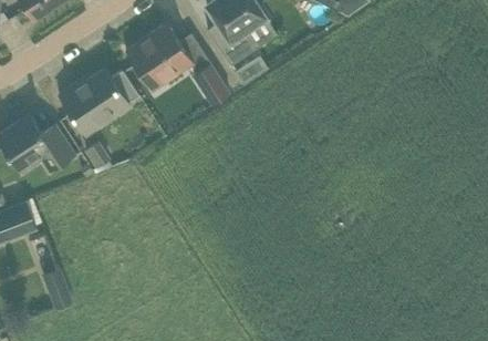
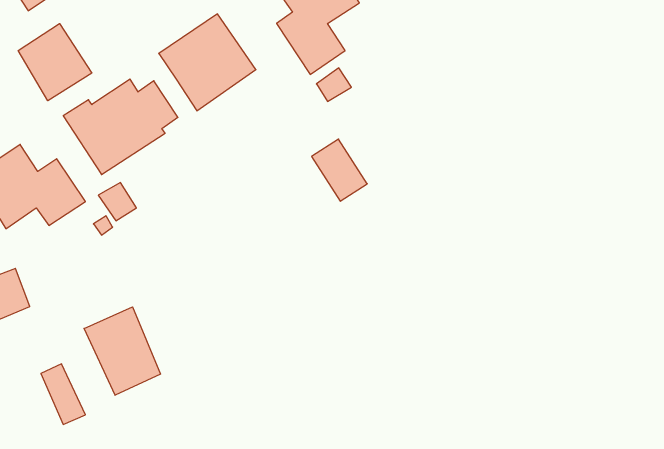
building: none -> [18,24,92,101]
building: [193,62,231,105] -> [312,139,367,201]
building: none -> [84,307,161,395]

